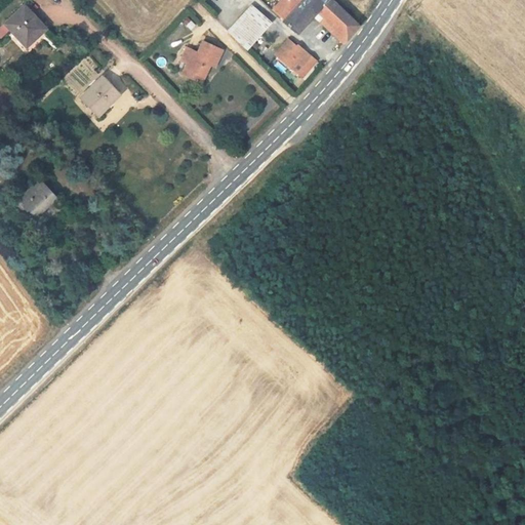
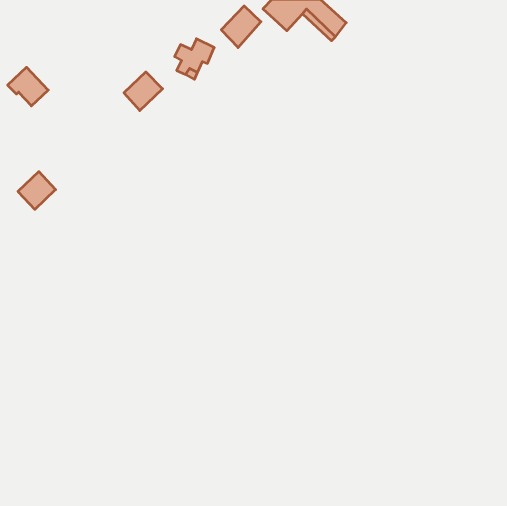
building: [4,4,46,44] -> [8,67,48,106]
building: [276,39,316,76] -> none
building: [80,75,120,115] -> [124,72,163,111]

